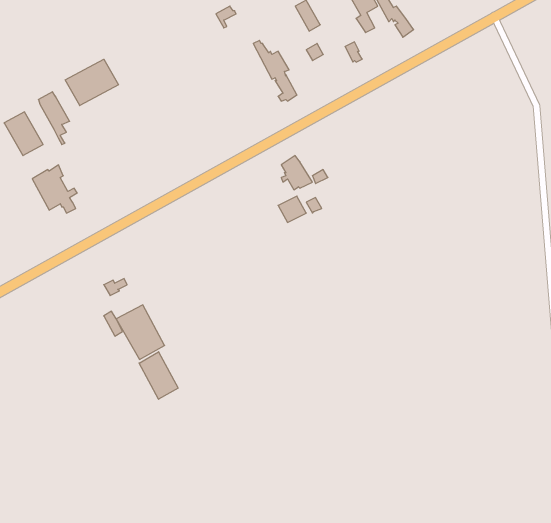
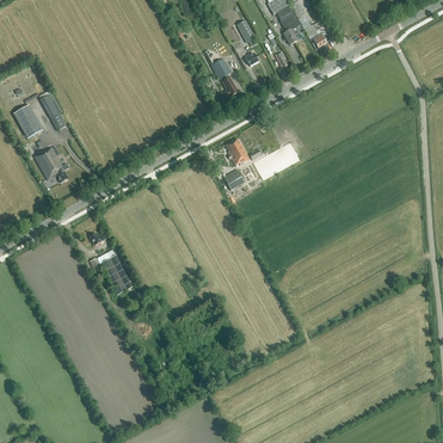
building: [65,59,118,106] -> none
building: [139,352,178,399] -> none

